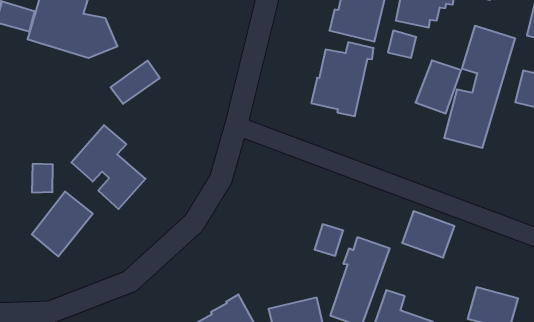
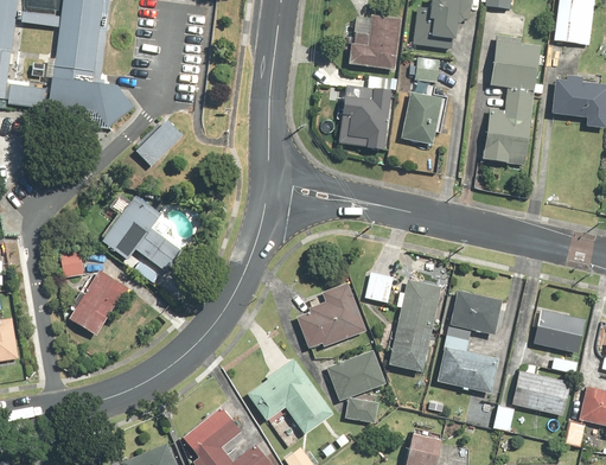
building: [415,60,461,114] -> [401,93,444,146]
building: [402,211,455,258] -> [446,288,498,332]
building: none -> [293,279,366,352]

